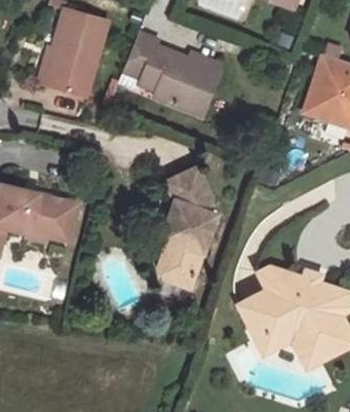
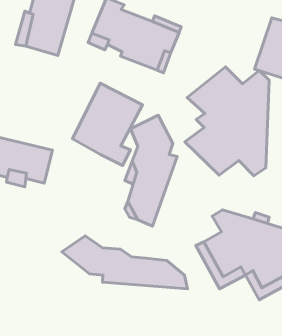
building: none -> [185,67,269,176]
building: none -> [73,83,142,166]
building: none -> [62,236,187,289]

